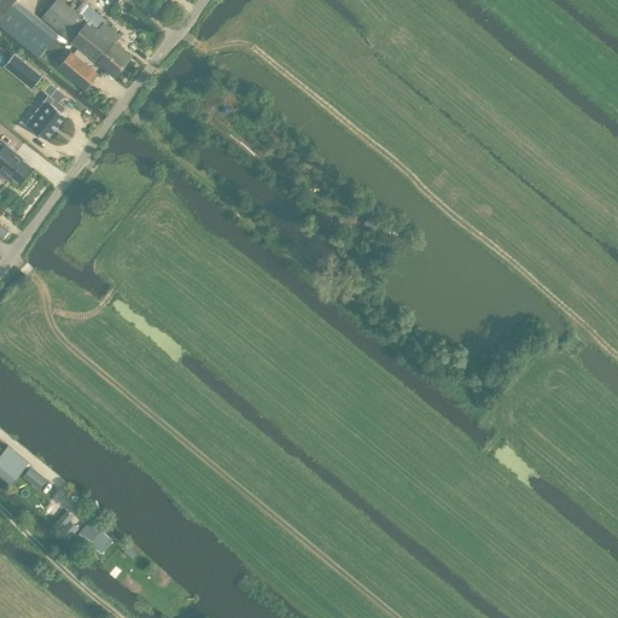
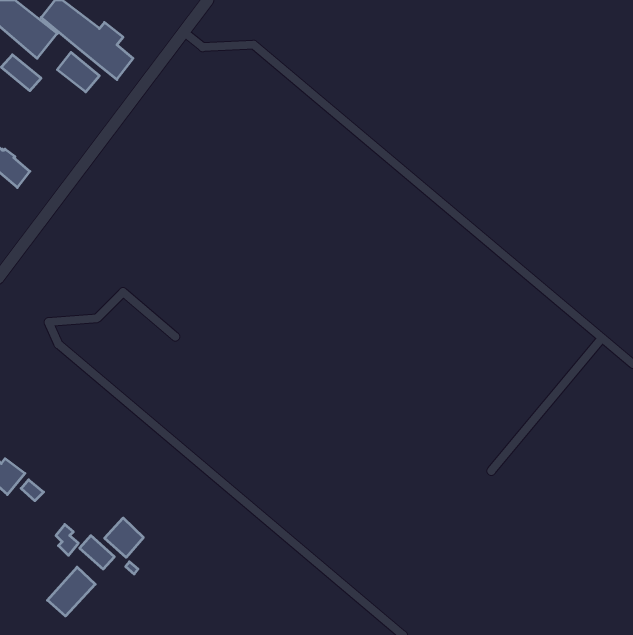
building: [28,83,64,140] -> none
building: none -> [105,518,143,557]
building: none -> [47,567,95,616]

